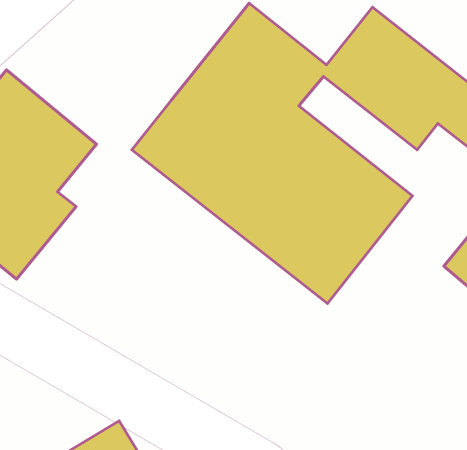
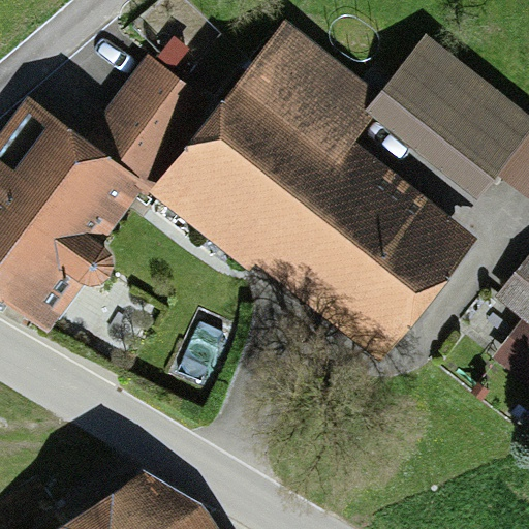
building: none -> [98,60,201,170]

